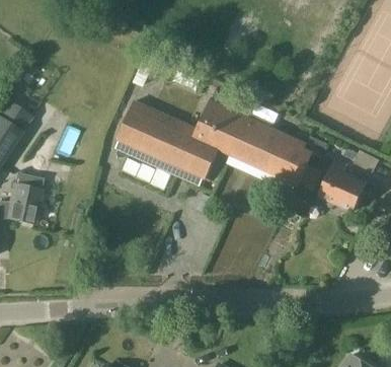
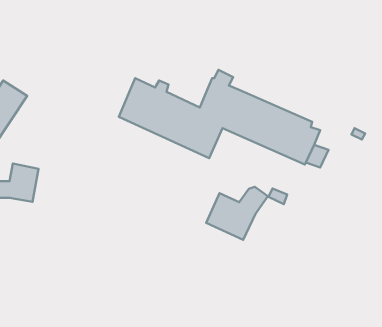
building: [319,160,366,210] -> none
building: none -> [206,187,268,240]

